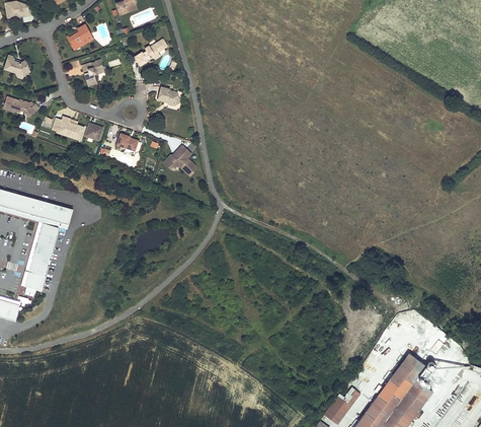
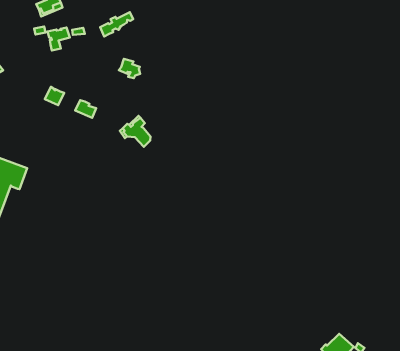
building: [52,116,85,141] -> none

